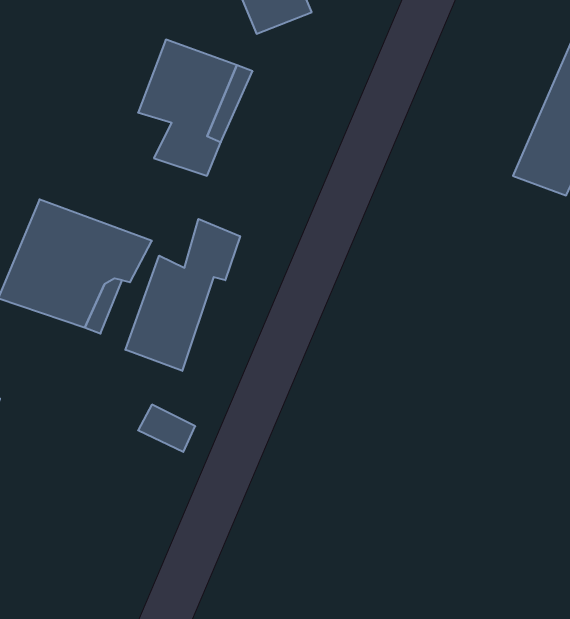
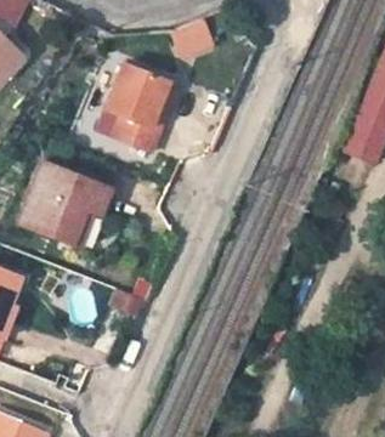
building: [125,219,240,371] -> none

